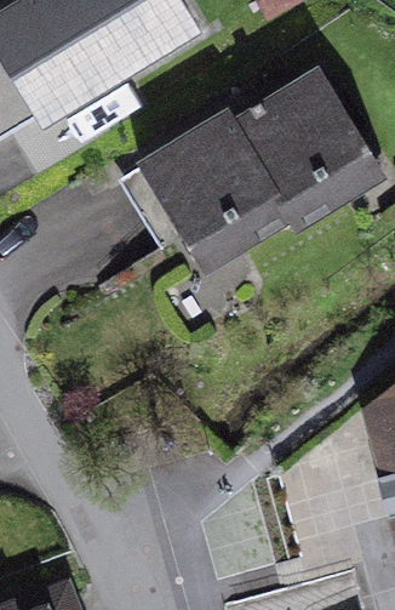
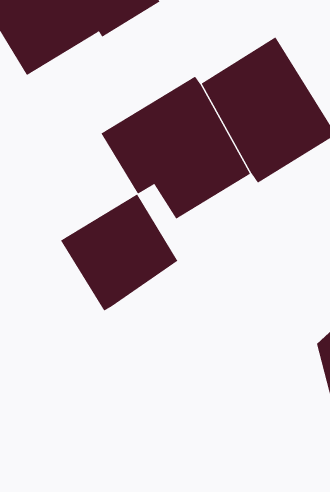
building: none -> [60,193,178,311]

